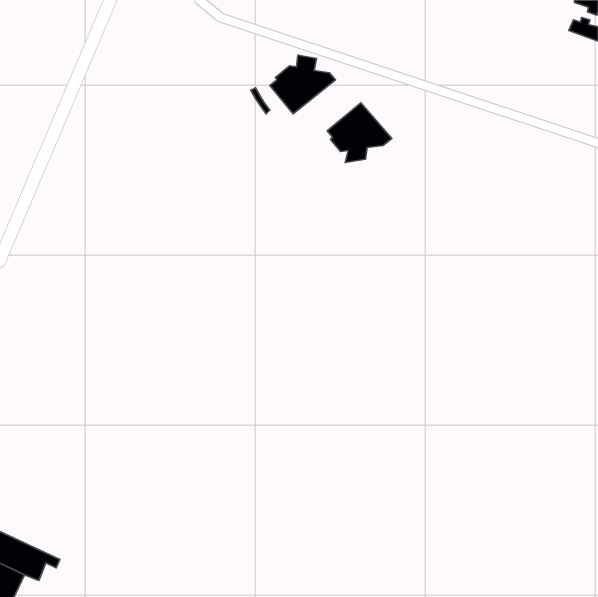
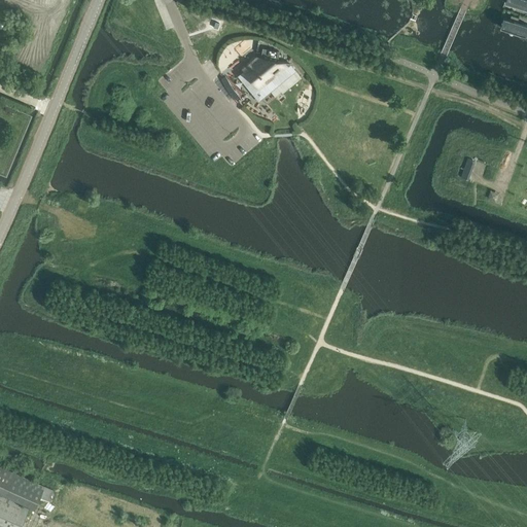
building: [327,103,392,162] -> none

